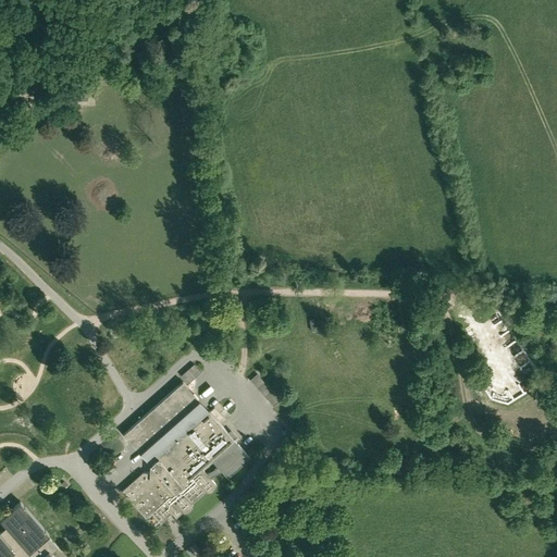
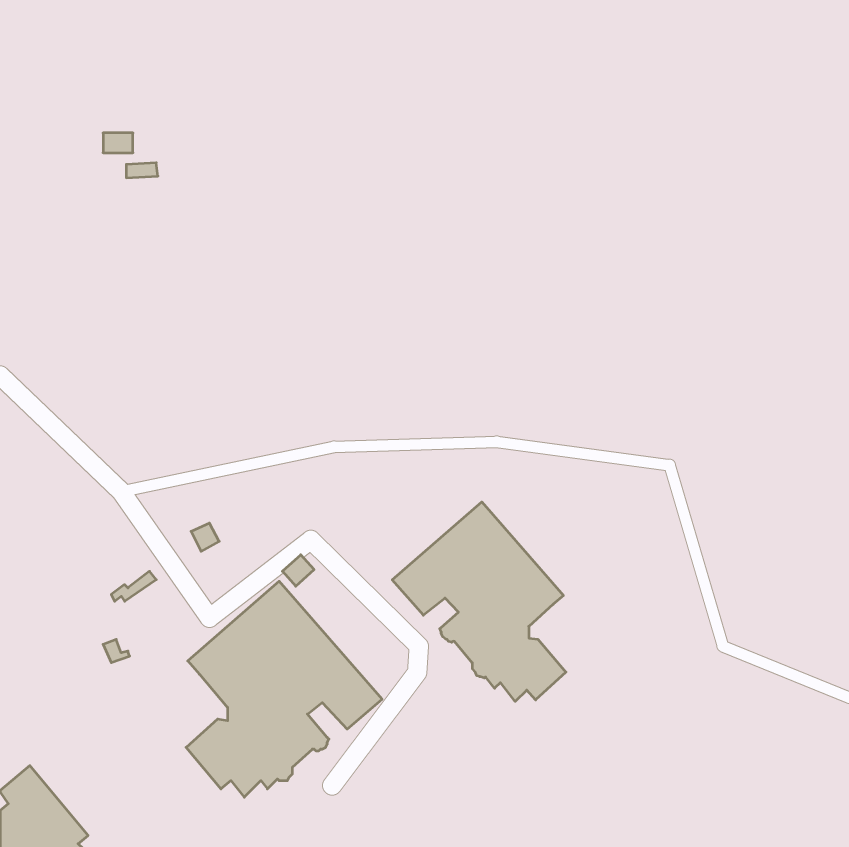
building: none -> [392,502,566,701]

